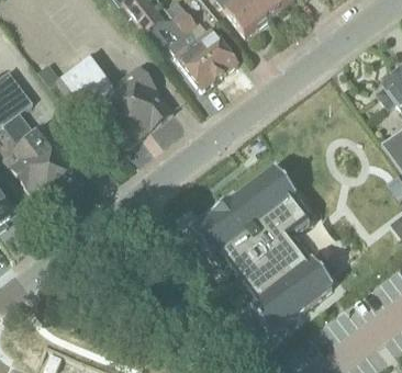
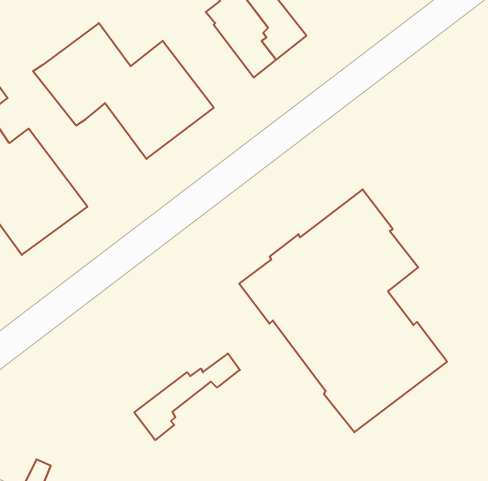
building: none -> [134,353,240,440]

